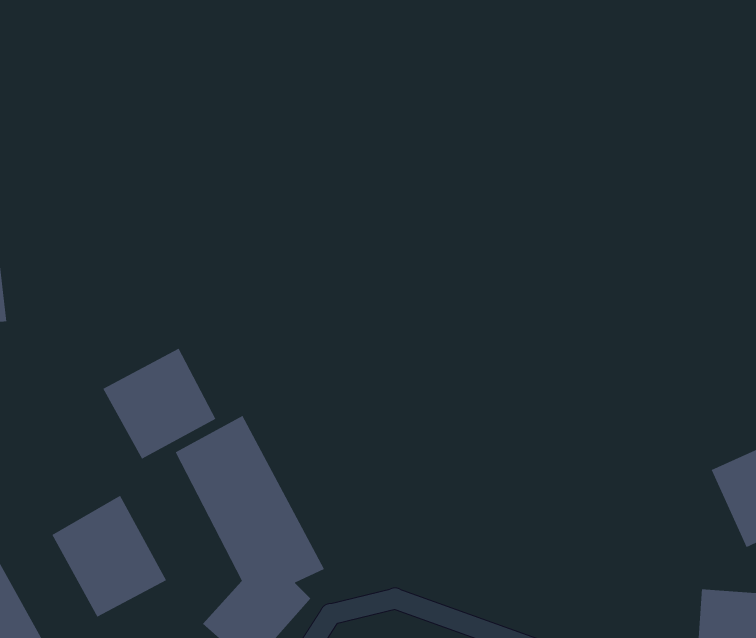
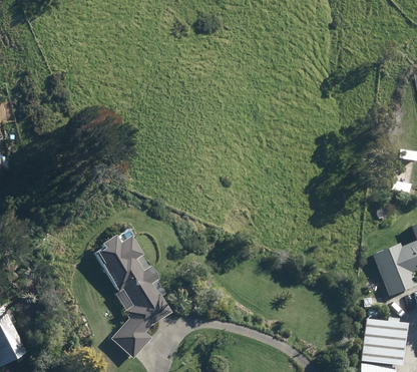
building: [102,348,216,459] -> none
building: [51,495,167,618] -> none

